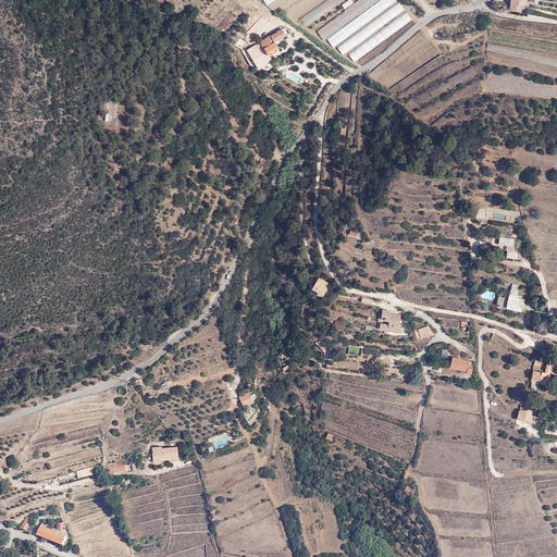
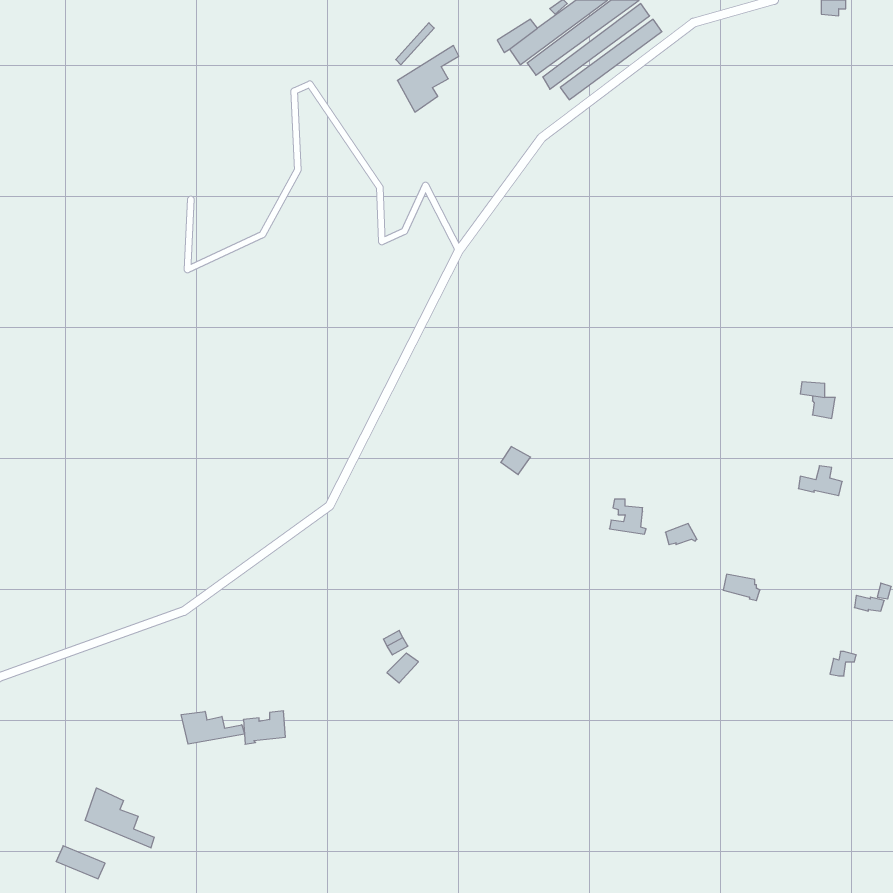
building: none -> [181,711,244,744]
building: none -> [85,788,154,848]

